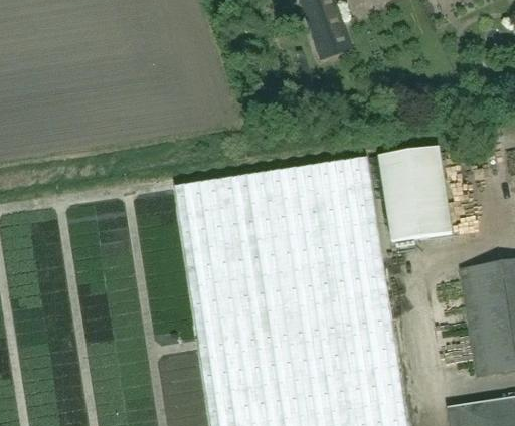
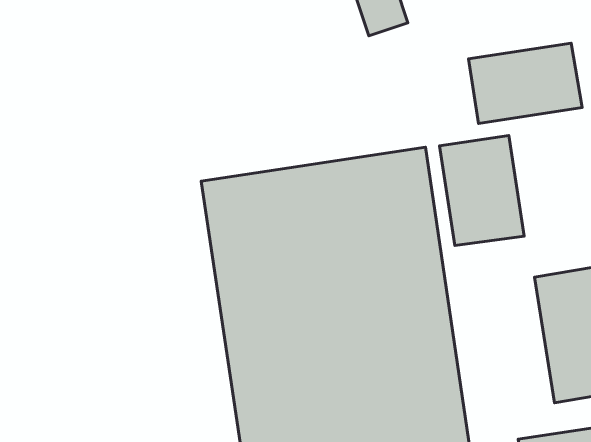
building: none -> [469,43,582,124]

